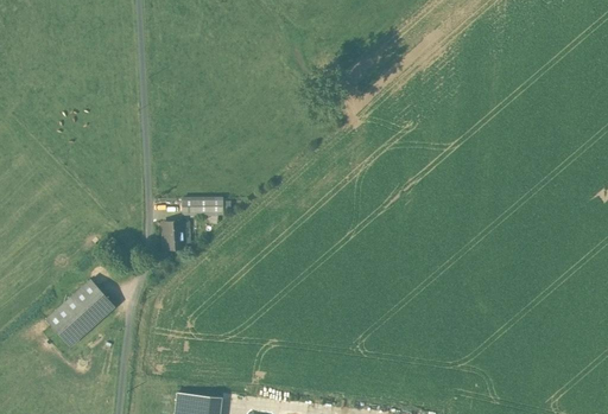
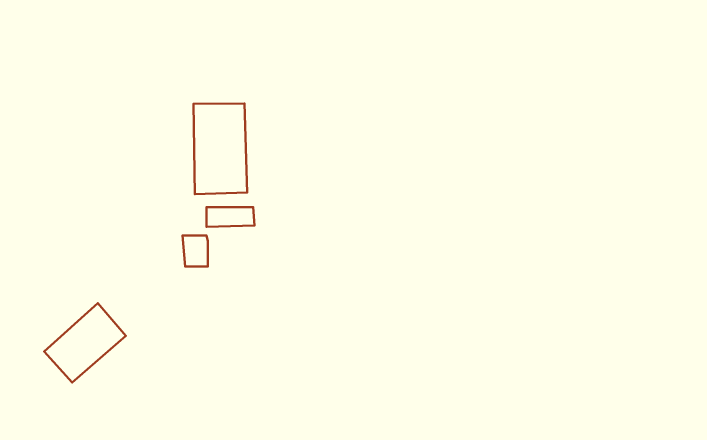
building: none -> [193,104,247,194]

